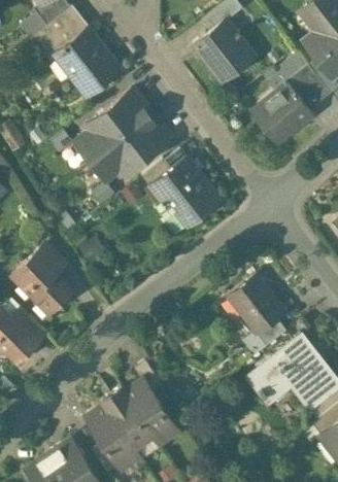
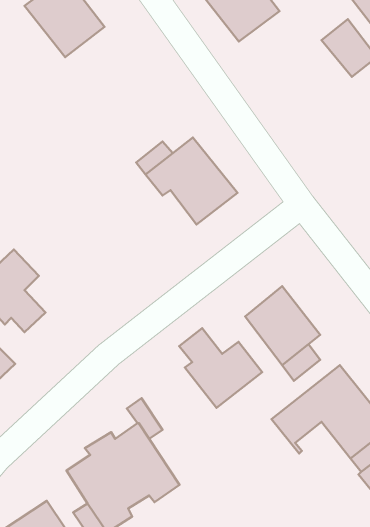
building: [248,81,313,146] -> none
building: [74,91,168,180] -> none
building: none -> [179,328,262,408]

